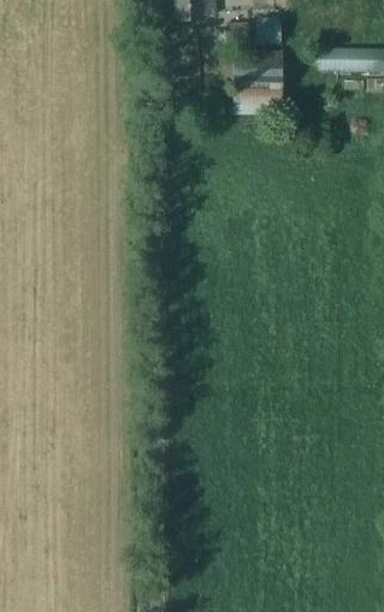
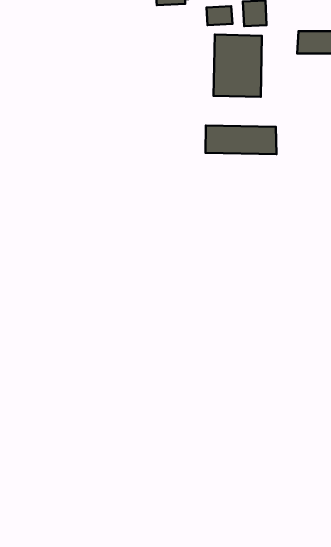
building: none -> [205,125,277,154]

